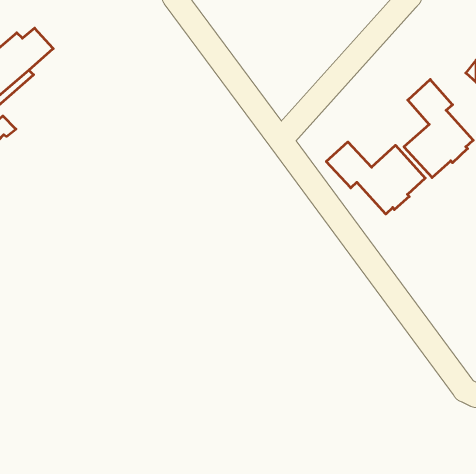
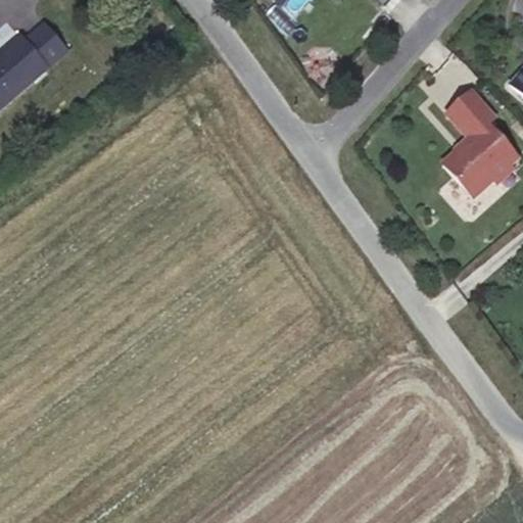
building: [326,142,425,214] -> none

